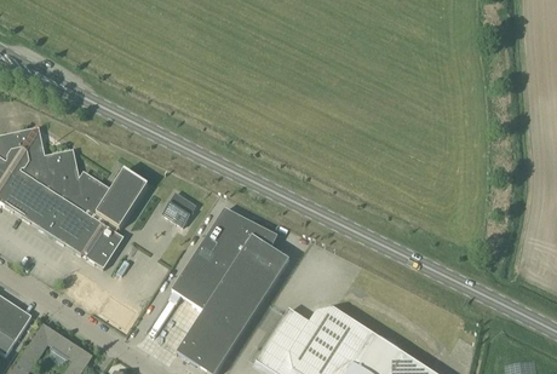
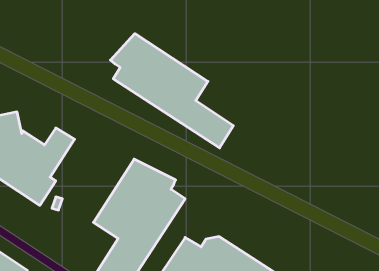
building: none -> [110,34,233,148]
building: [160,191,195,225] -> none

